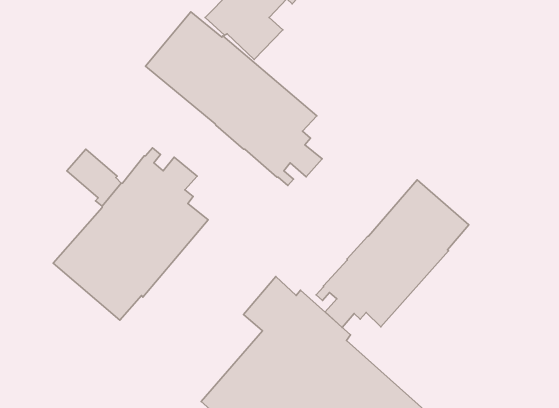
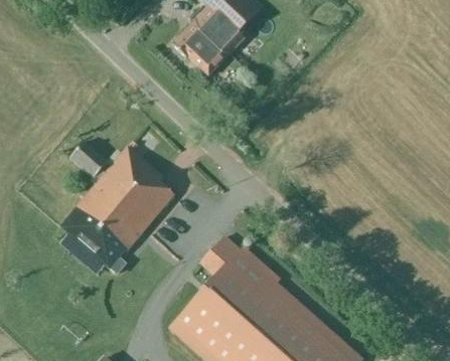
building: [146,12,322,186] -> none
building: [316,180,469,328] -> none

